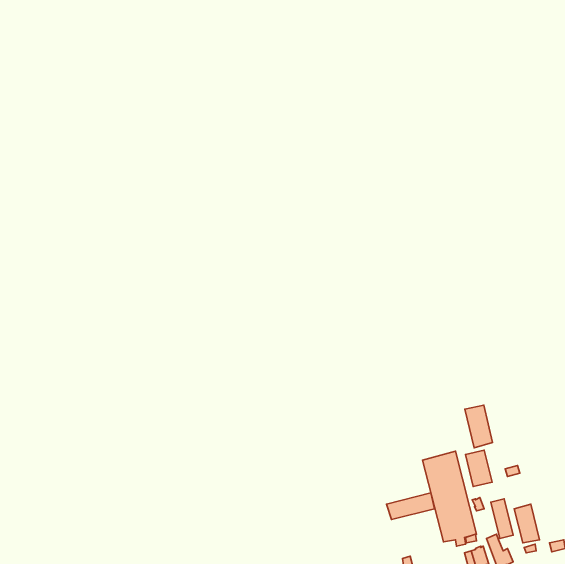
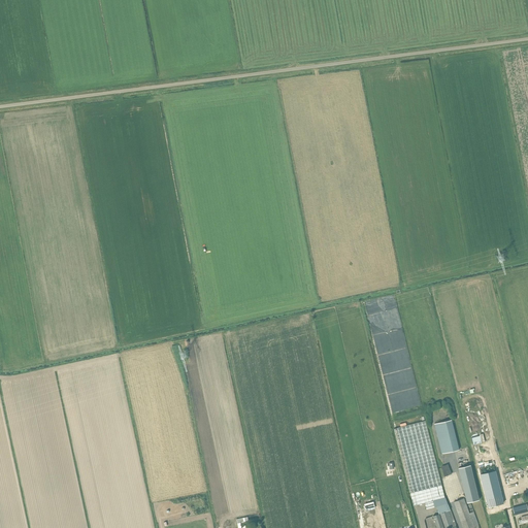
building: [465,405,492,448] -> none
building: [386,493,435,520] -> none

